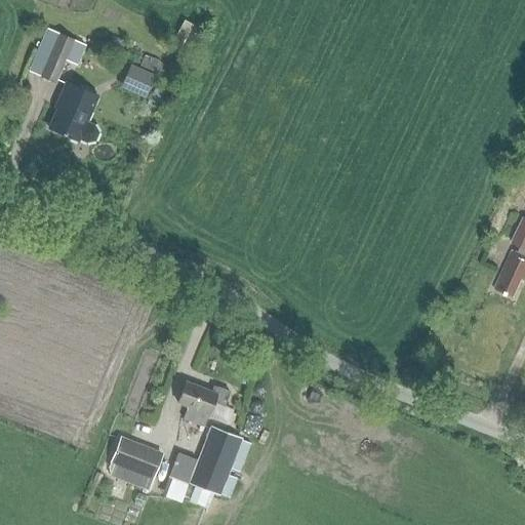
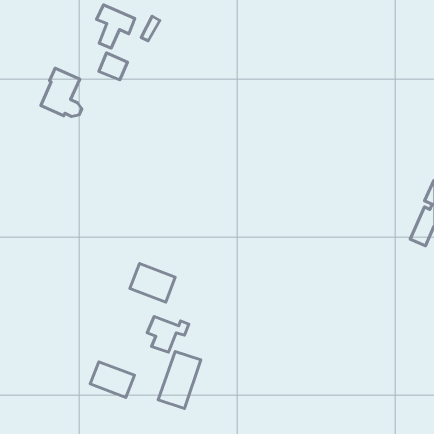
building: [39,29,85,81] -> [97,5,135,48]
building: none -> [130,263,175,302]
building: [170,451,200,482] -> none

